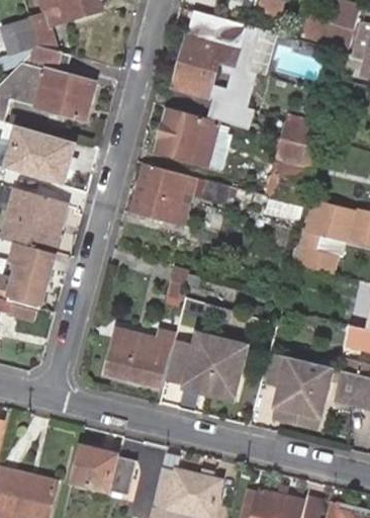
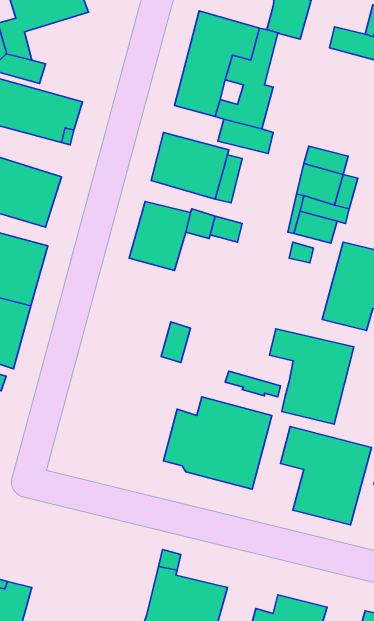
building: none -> [269,329,354,424]
building: [102,326,177,392] -> none
building: [69,446,135,496] -> none

